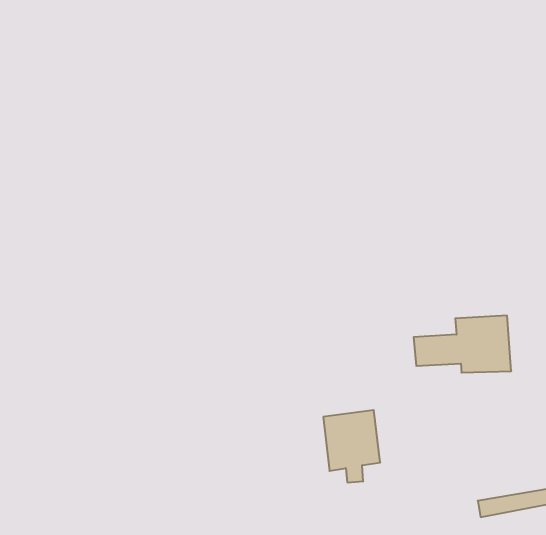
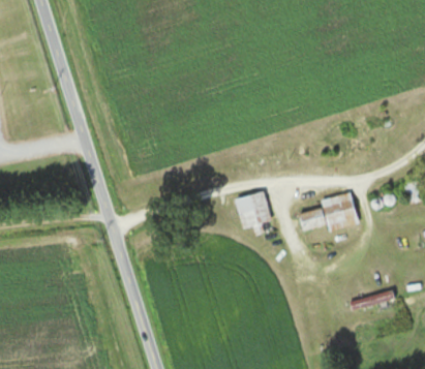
building: [323,410,380,482] -> [235,190,272,235]

